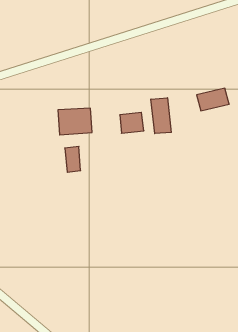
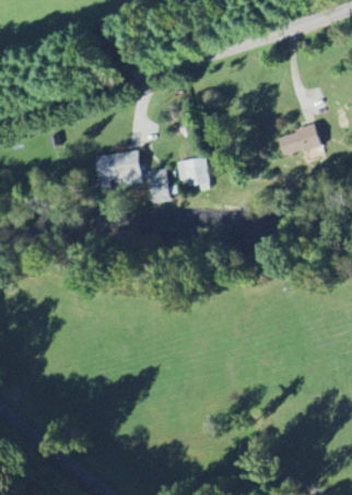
building: [151,98,171,134] -> none
building: [65,146,81,172] -> [149,168,169,202]

